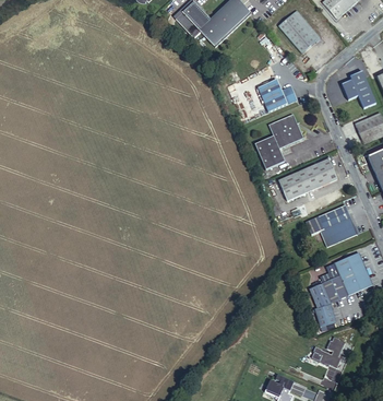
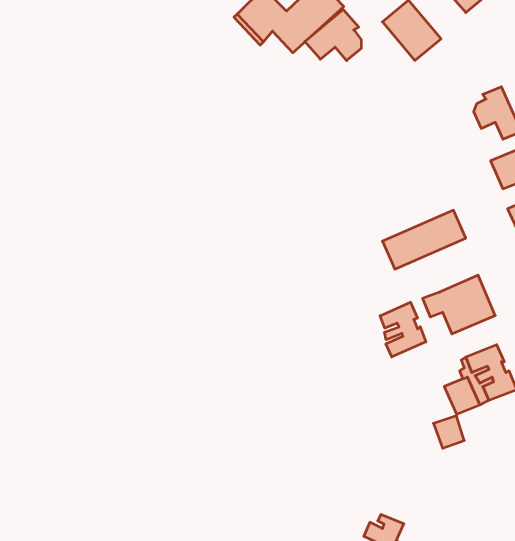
building: none -> [305,10,361,61]
building: [256,79,297,113] -> none
building: [253,114,302,169] -> none
building: none -> [380,302,426,357]
building: [311,335,345,367] -> none

